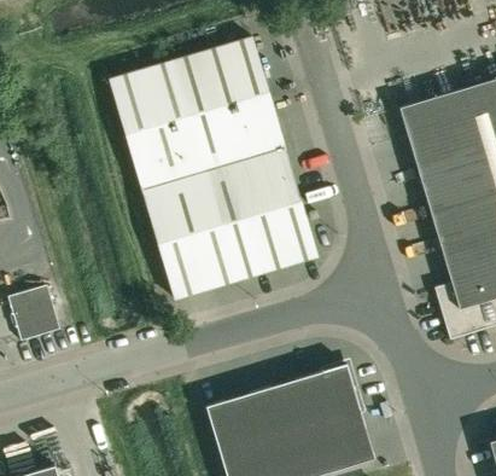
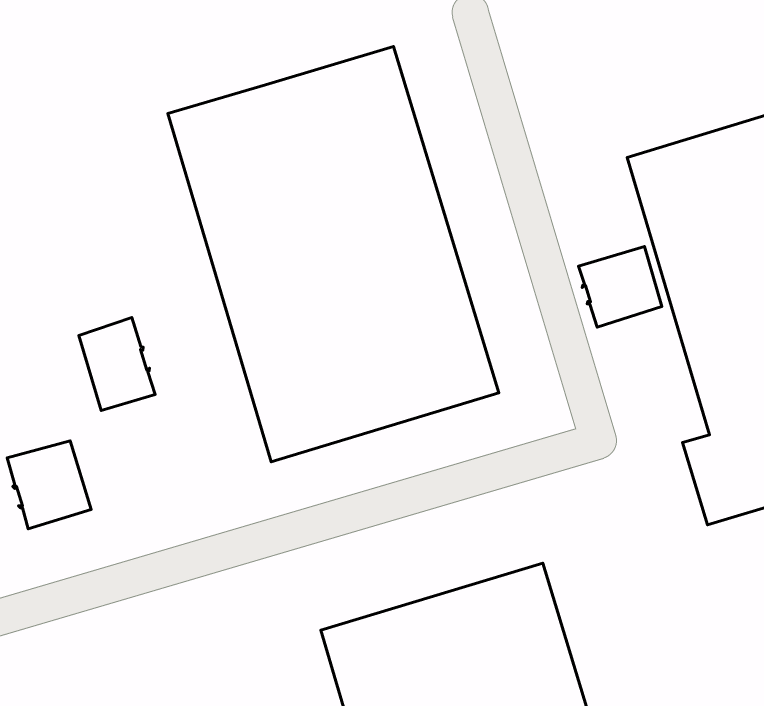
building: none -> [579,247,662,327]
building: none -> [79,318,155,411]

